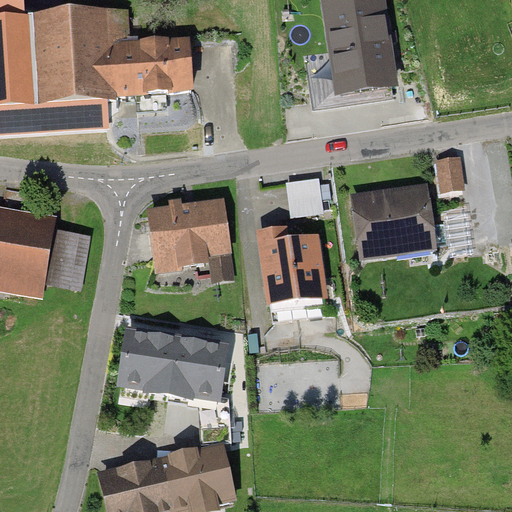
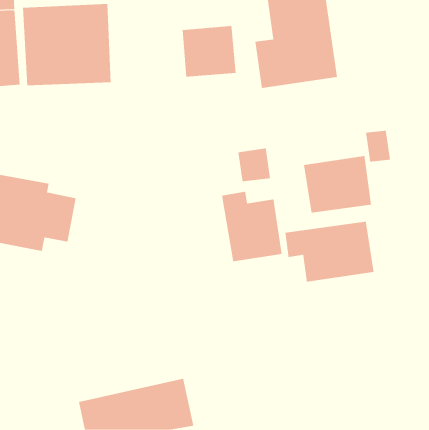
building: [130,36,194,97] -> [182,25,236,77]
building: [153,196,236,272] -> none
building: none -> [285,221,374,283]
building: [110,327,224,404] -> none

